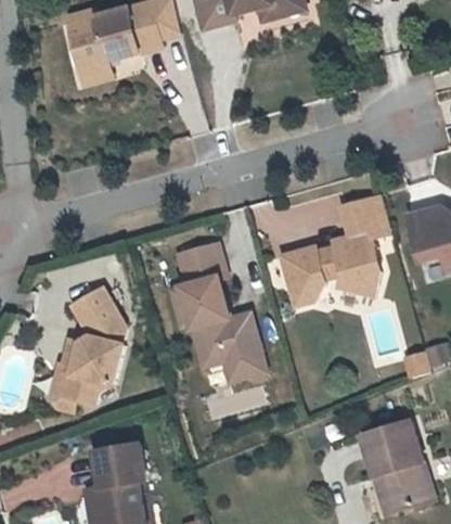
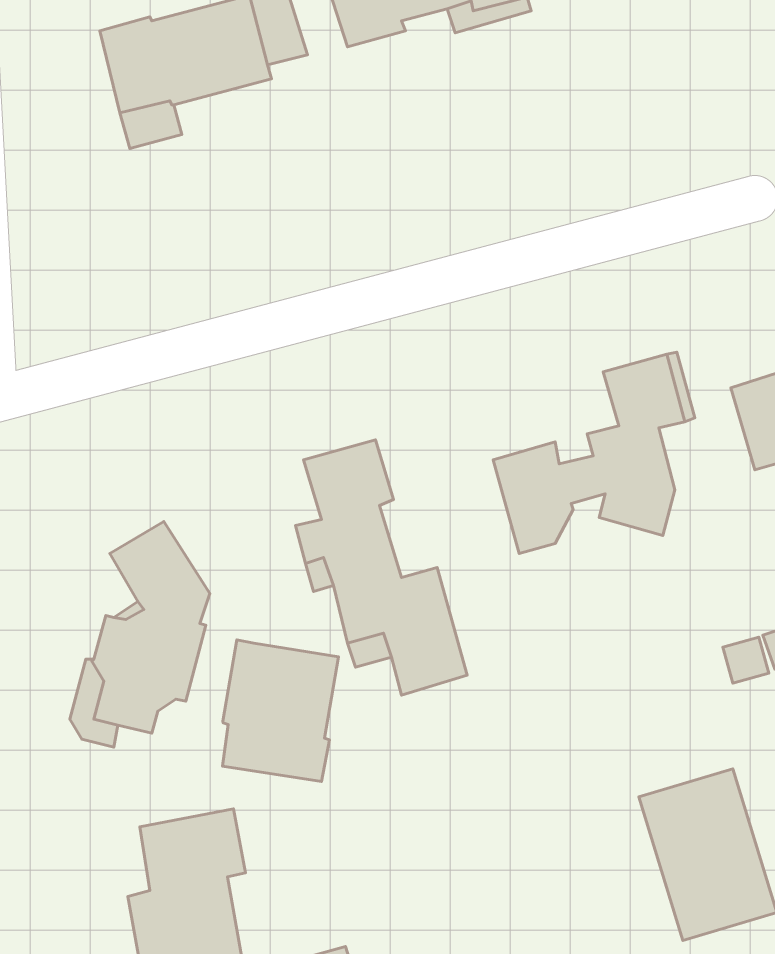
building: none -> [223,640,339,781]

